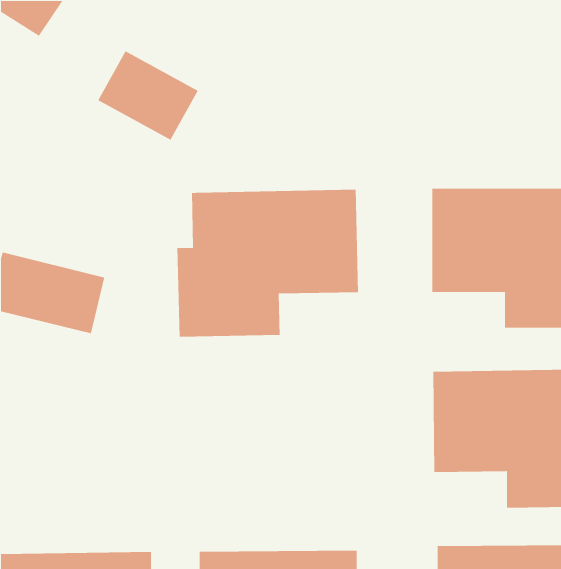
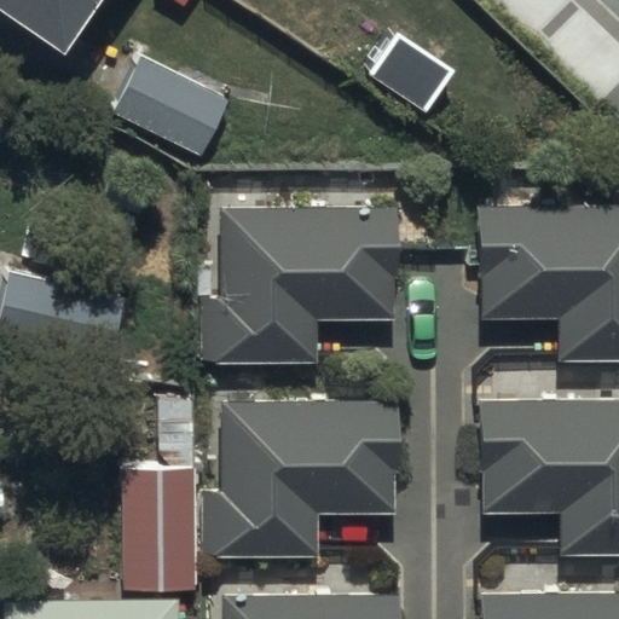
building: none -> [122,399,197,589]
building: none -> [206,404,397,554]

